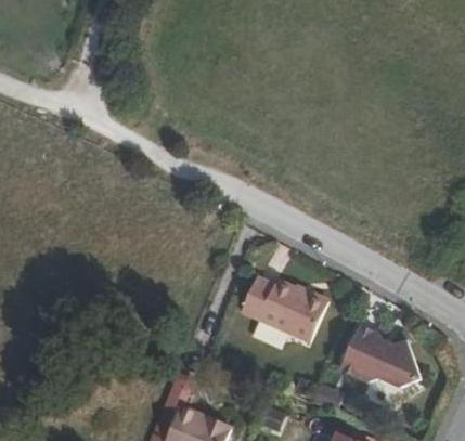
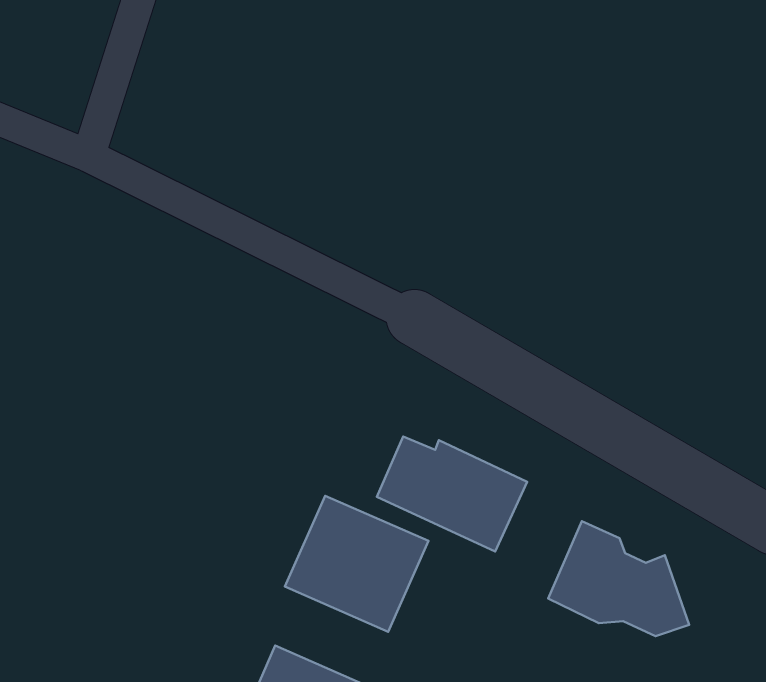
building: none -> [285,496,429,632]

